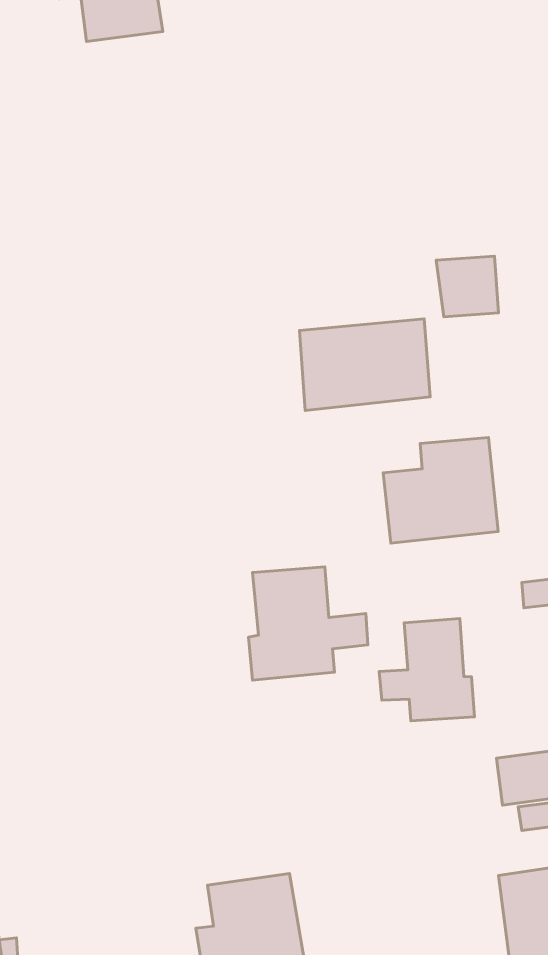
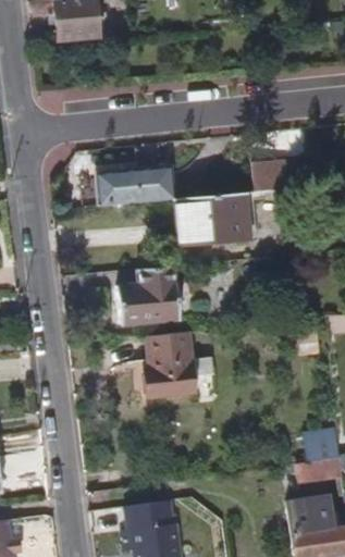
building: none -> [96,166,175,207]
building: [383,438,498,543] -> [115,268,180,326]
building: [379,618,475,721] -> none

